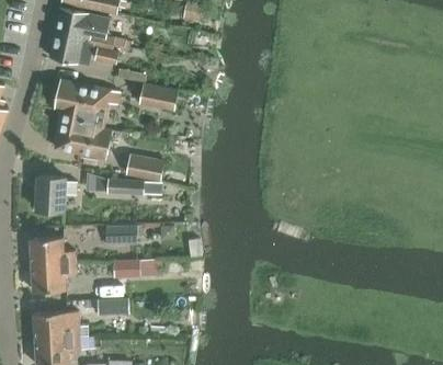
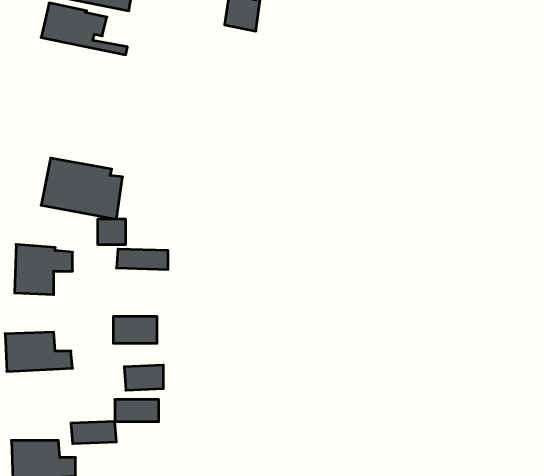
building: [50,32,118,65] -> none
building: [55,82,120,124] -> none
building: [139,84,178,110] -> none
building: [126,151,164,180] -> none
building: [31,263,77,292] -> none

